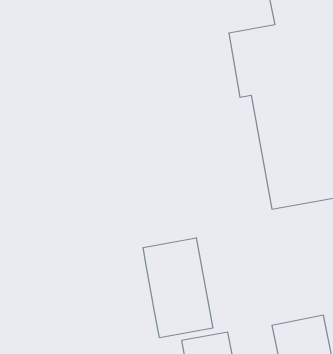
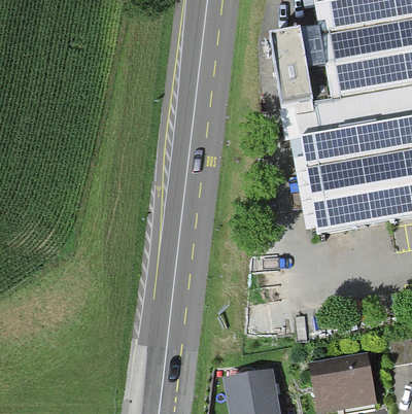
building: [143,238,213,338] -> none

